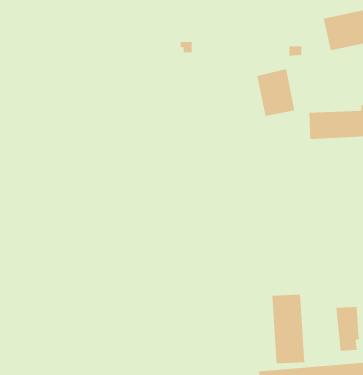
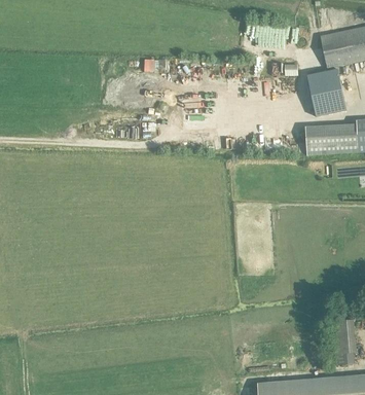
building: [257,69,295,117] -> [307,68,345,115]
building: [272,294,305,364] -> none

